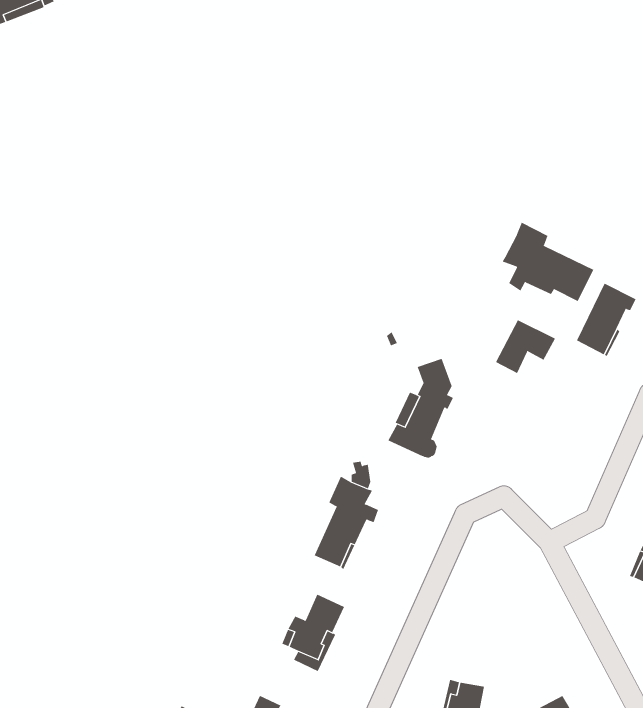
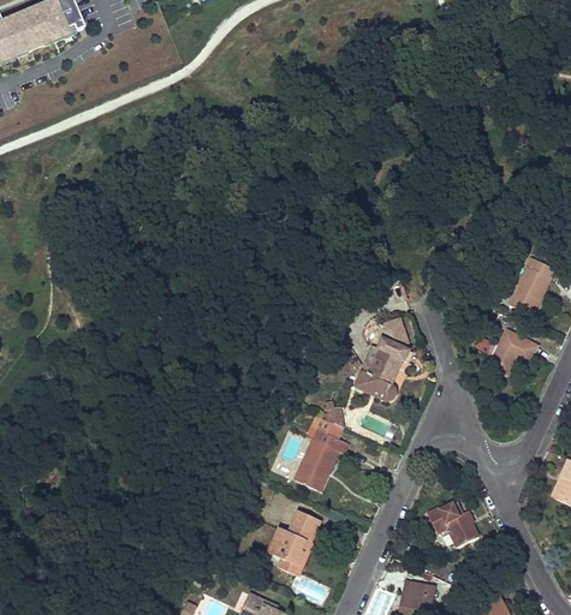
building: [502,222,594,302] -> none
building: [495,319,556,374] -> [488,328,537,372]
building: none -> [427,502,478,545]

